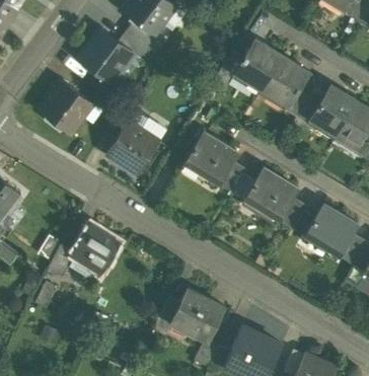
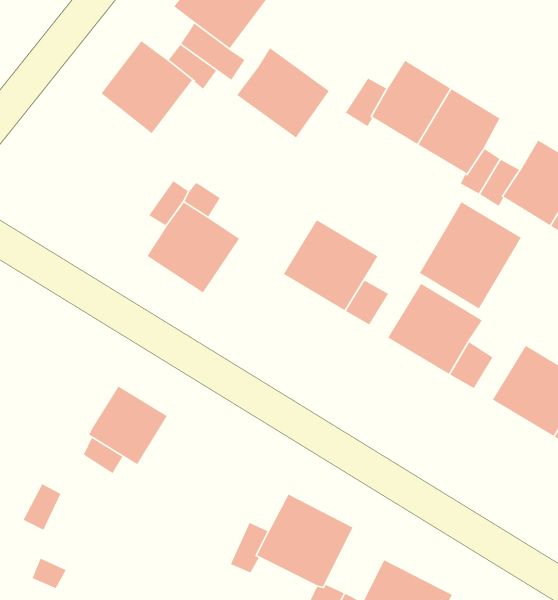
building: none -> [236,47,330,139]
building: [41,80,94,133] -> none
building: none -> [419,201,522,310]
building: [48,243,75,277] -> none

